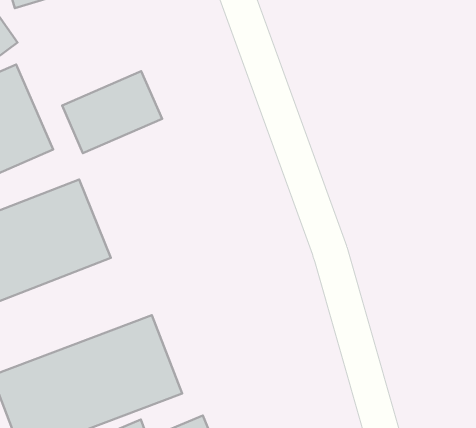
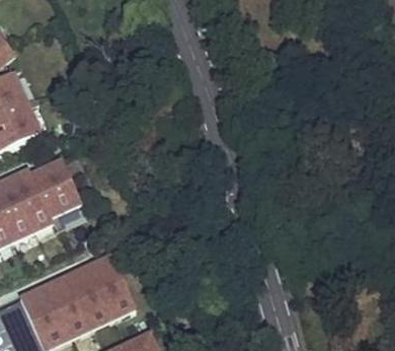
building: [62,71,162,153] -> none

